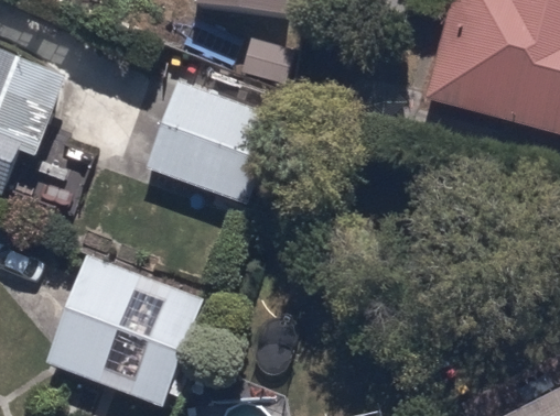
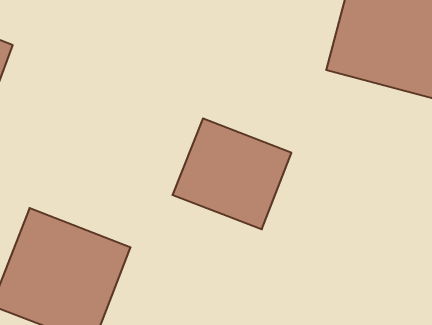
building: [146,80,279,205] -> [172,118,291,229]

